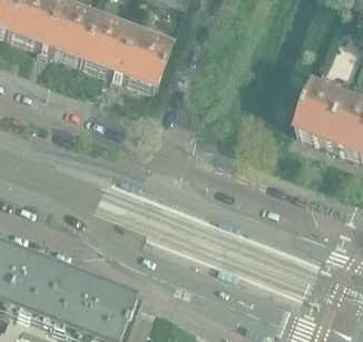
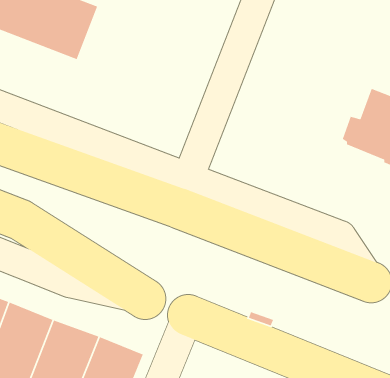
building: [81,12,171,84] -> none

